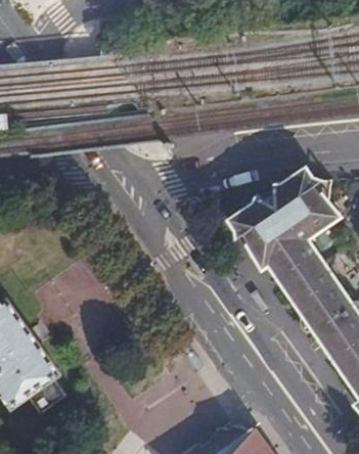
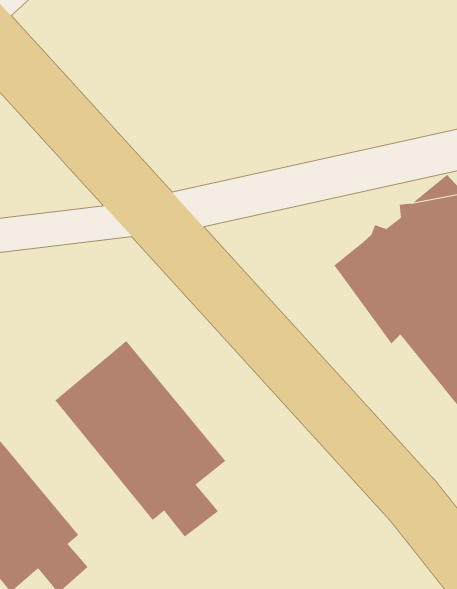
building: none -> [54,340,226,538]

